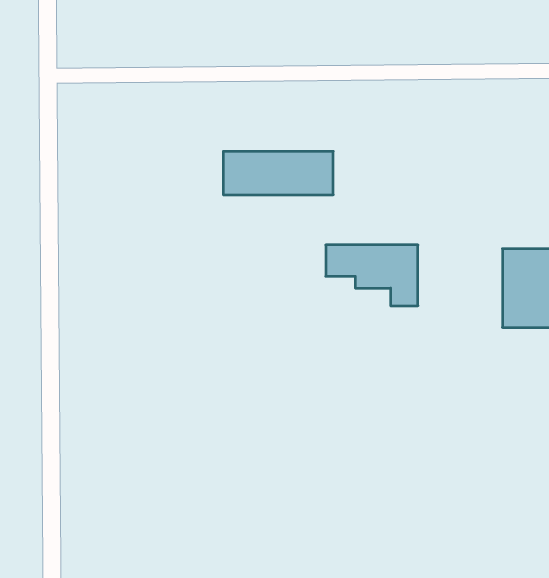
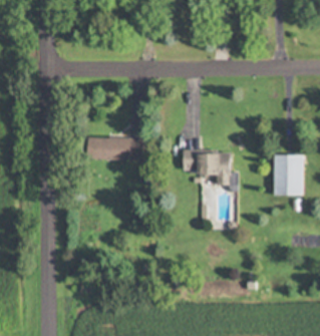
building: [223,151,333,195] -> [87,137,143,159]

